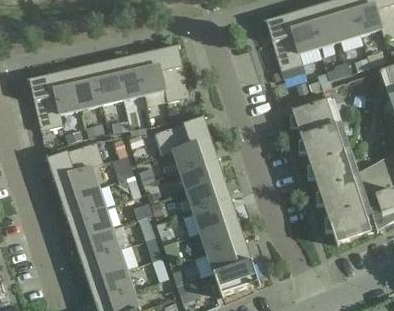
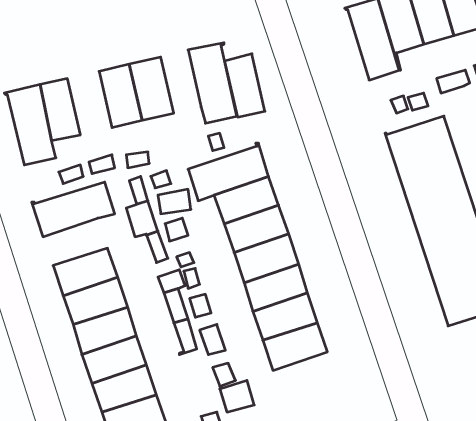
building: [135,51,163,95] -> [225,54,265,117]
building: [70,66,101,110] -> none
building: [53,168,98,201] -> none
building: [213,261,259,297] -> none

